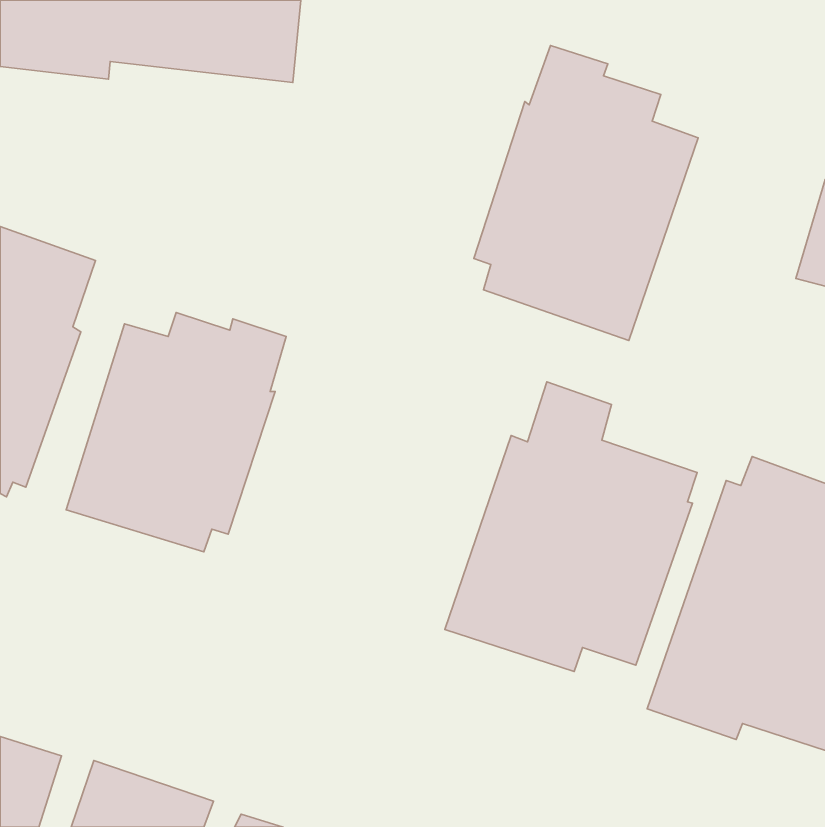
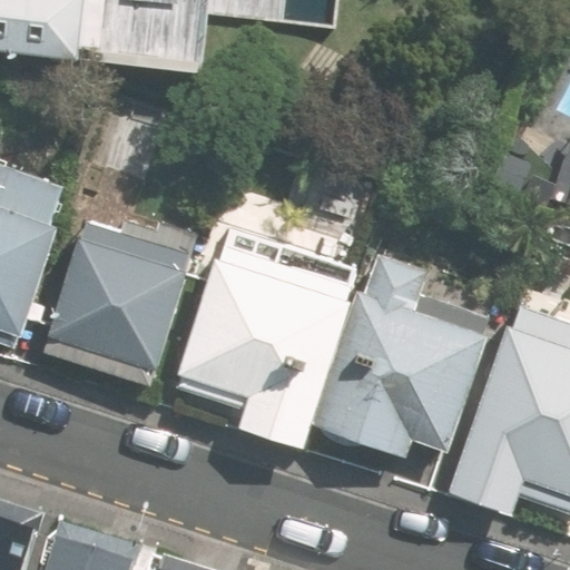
building: [474,45,698,341] -> none
building: none -> [166,222,348,442]

